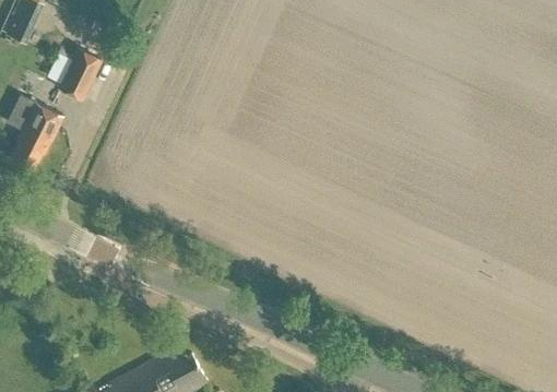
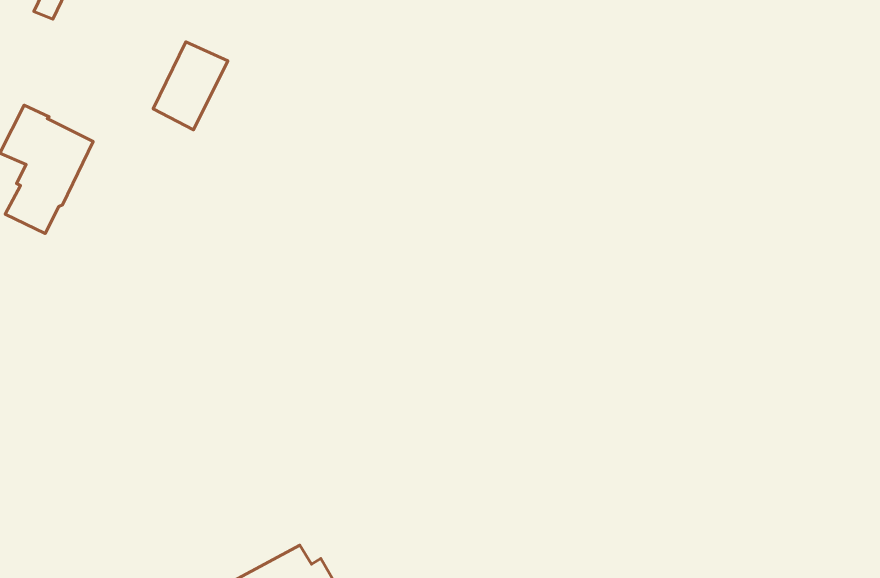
building: [57,50,99,100] -> [153,42,228,130]

